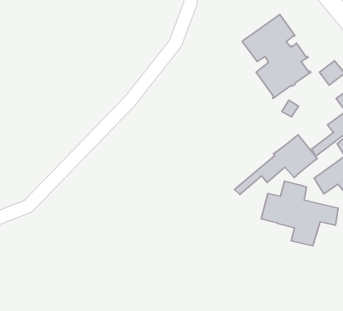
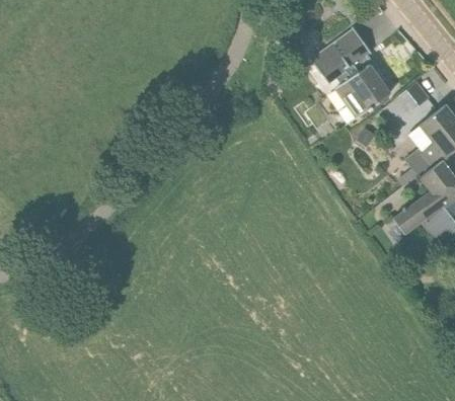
building: [235,135,317,194] -> none
building: [261,181,338,246] -> none

